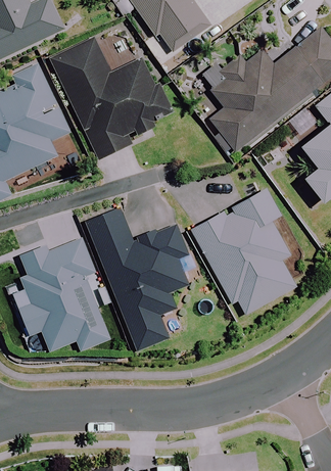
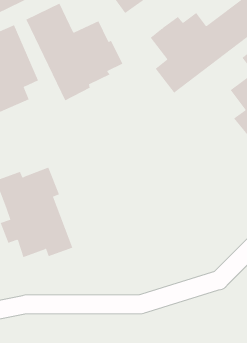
building: [191,188,295,317] -> none
building: [86,208,187,350] -> none

